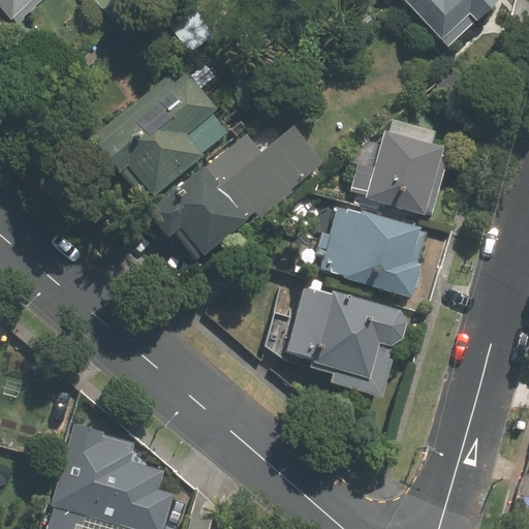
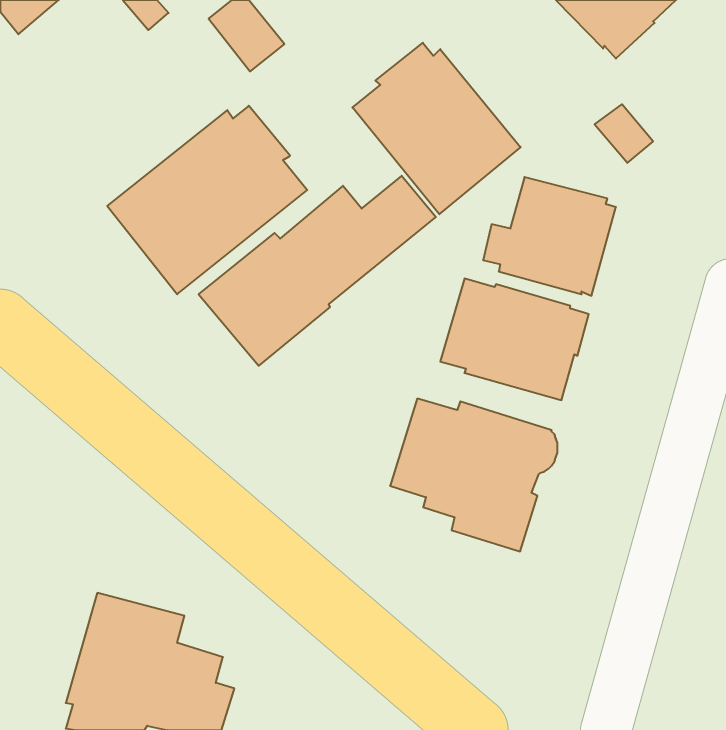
building: none -> [352,43,521,214]

